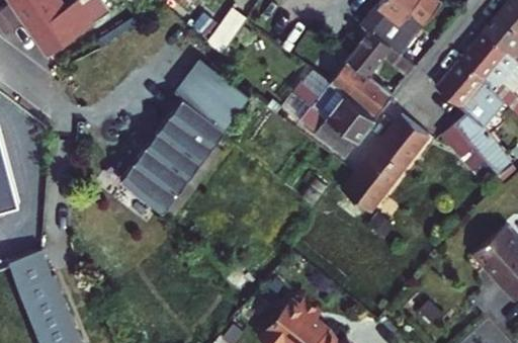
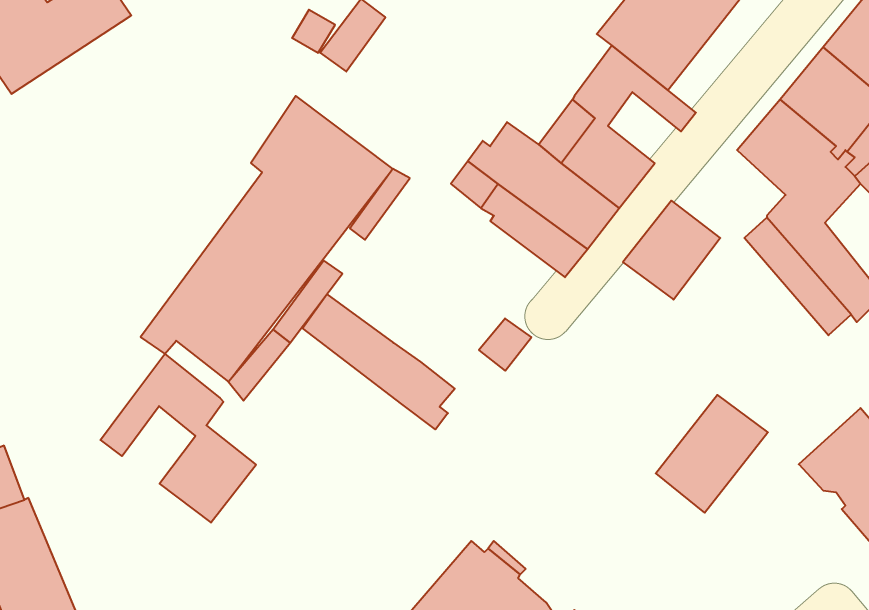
building: [342,149,403,212] -> [656,395,768,513]
building: none -> [302,294,455,429]
building: none -> [100,354,256,523]

